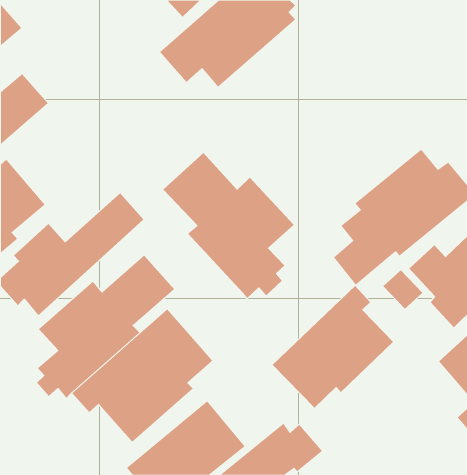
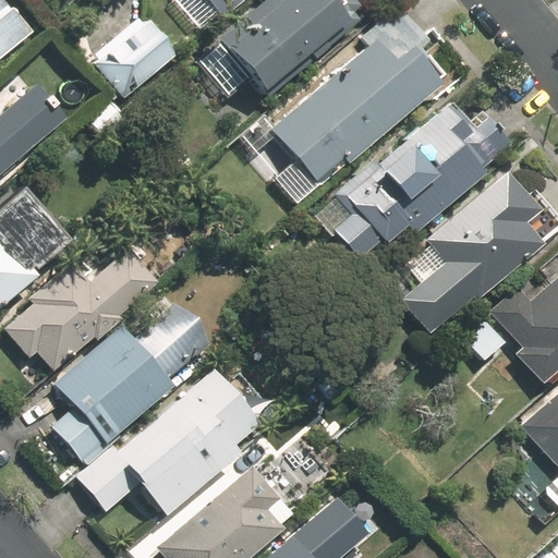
building: none -> [238,11,445,205]
building: none -> [92,15,175,99]
building: none -> [317,109,514,260]
building: [163,152,294,299] -> none
building: [272,285,394,409] -> none

